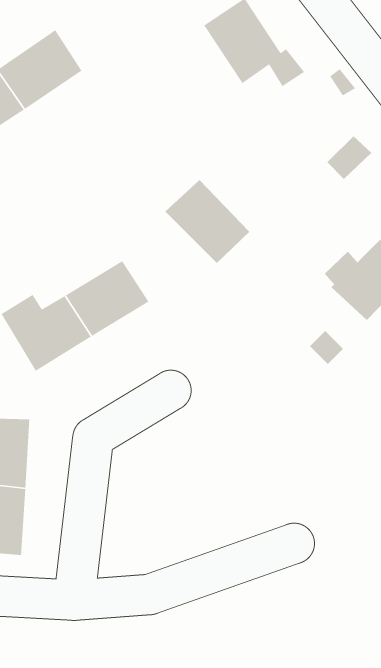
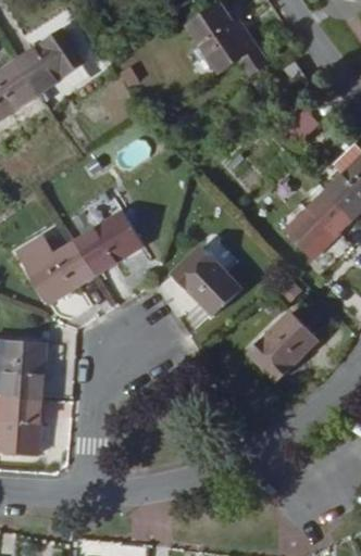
building: [164,179,250,264] -> [169,247,238,315]
building: none -> [246,307,318,378]

